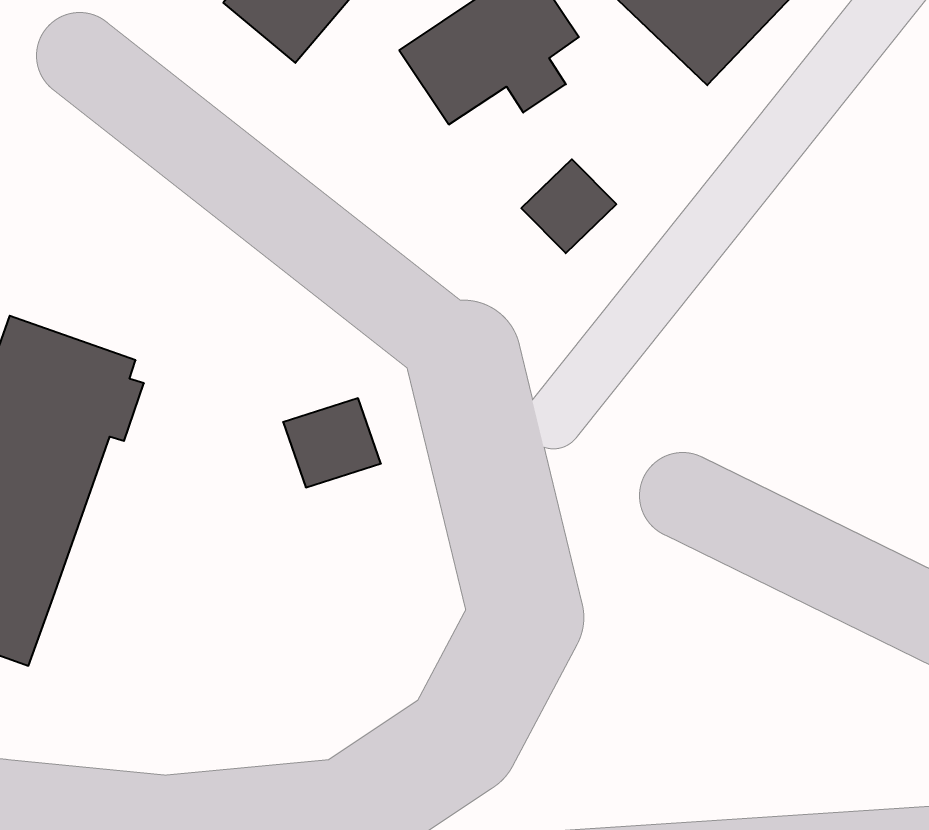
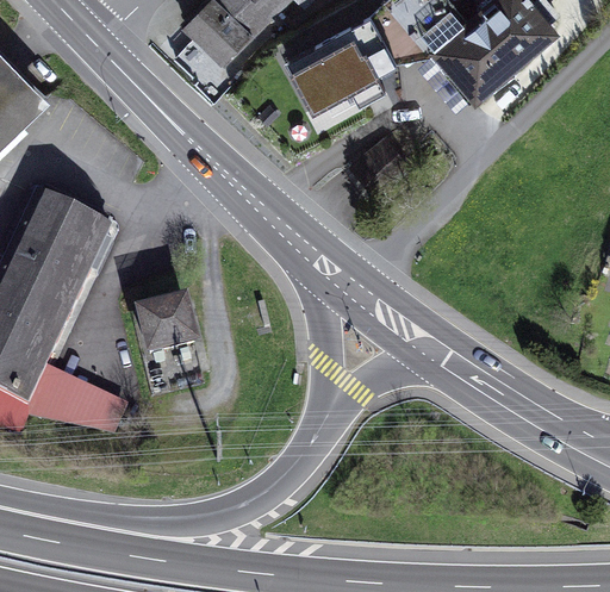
building: [283,398,381,487] -> [141,303,197,353]
building: none -> [27,367,129,431]

